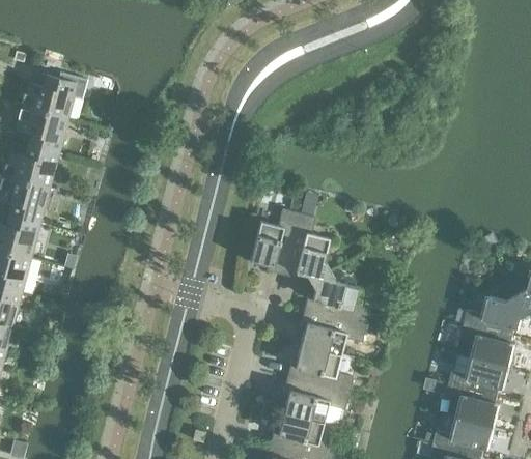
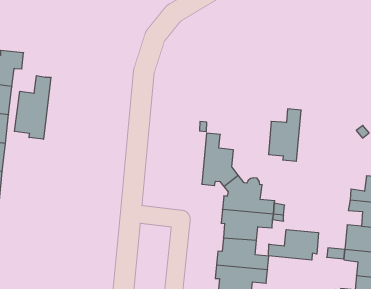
building: none -> [14,76,51,139]
building: [249,209,298,276] -> [269,109,301,161]
building: none -> [269,230,318,260]

